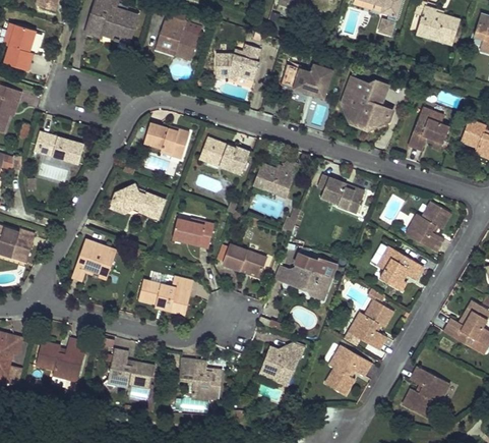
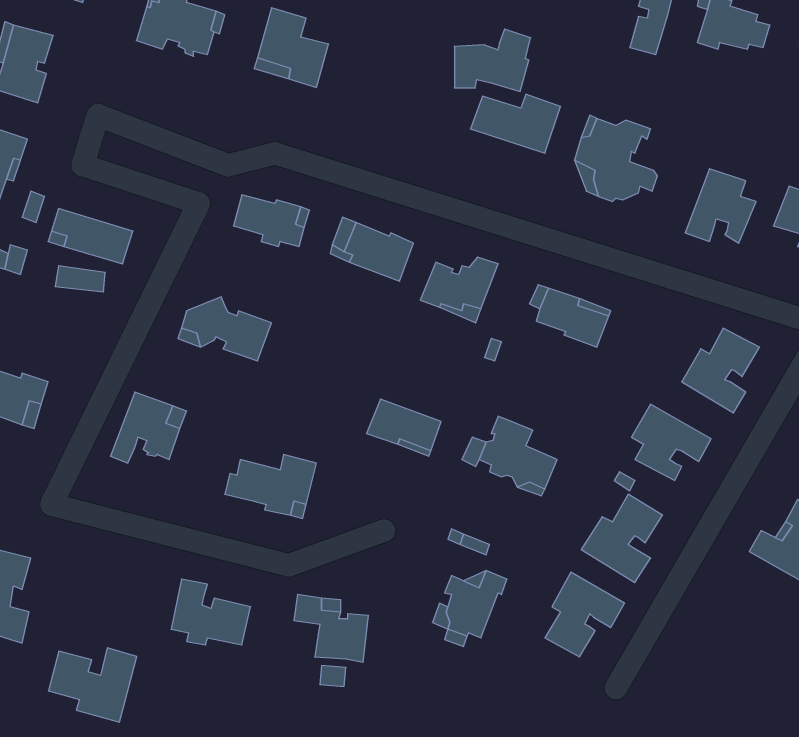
building: [216,43,260,79] -> [454,29,531,91]
building: [171,218,212,246] -> none
building: [34,338,85,382] -> [48,648,137,722]
building: [404,371,450,421] -> none

